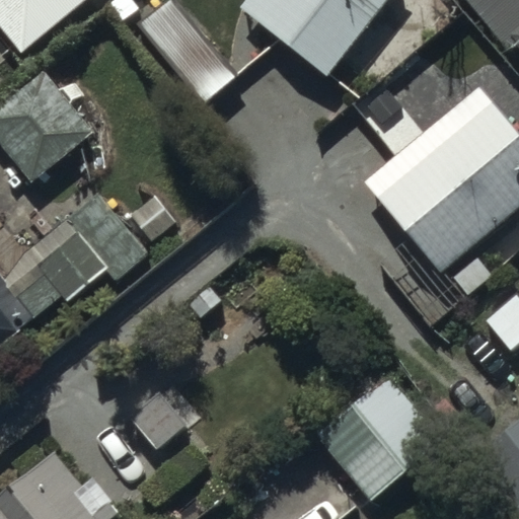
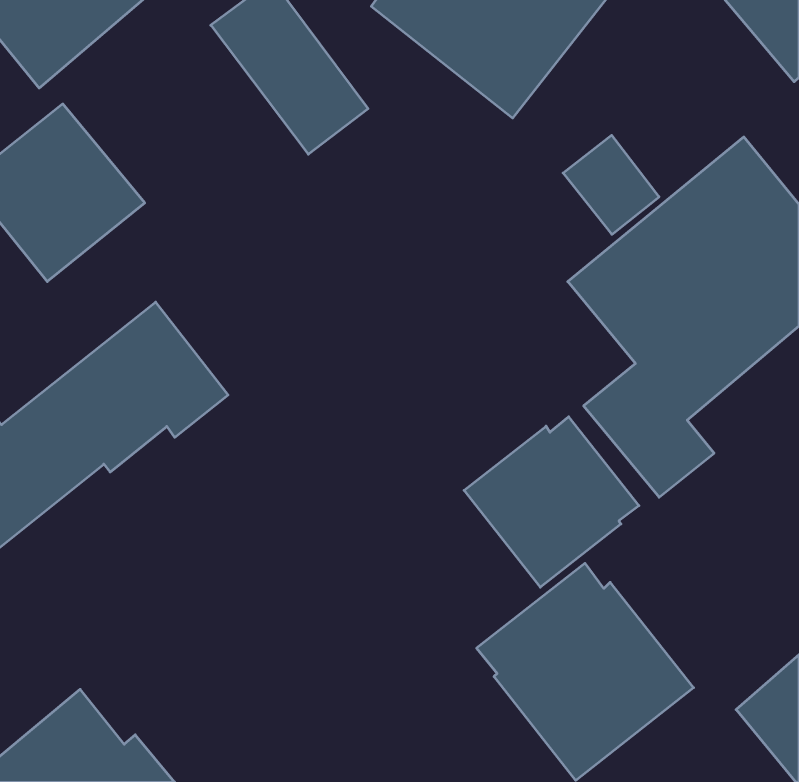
building: none -> [464,417,639,587]

